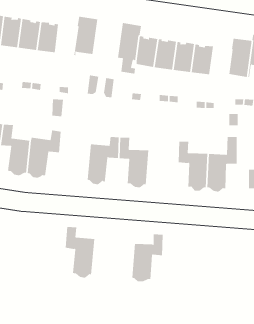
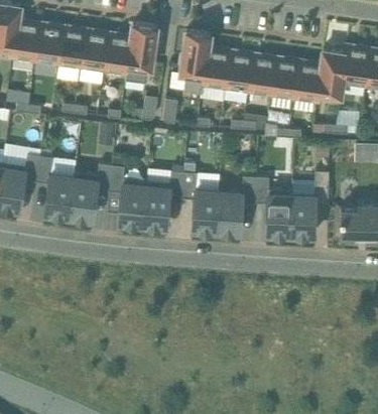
building: none -> [105,32,132,71]
building: none -> [294,59,322,98]
building: [65,226,95,278] -> [110,164,147,228]
building: [132,234,164,282] -> [217,175,256,235]

